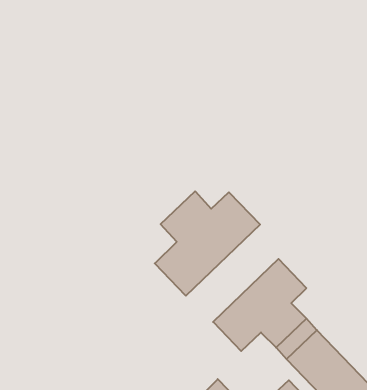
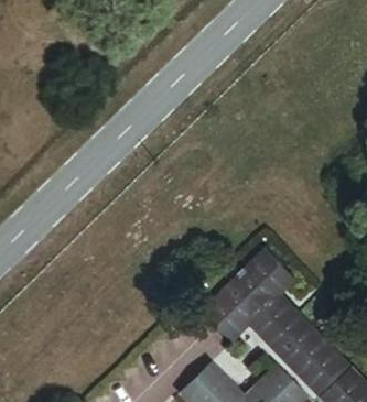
building: [155,191,260,296] -> none

